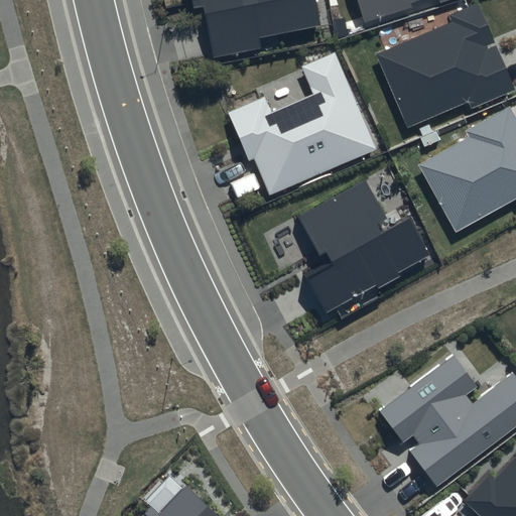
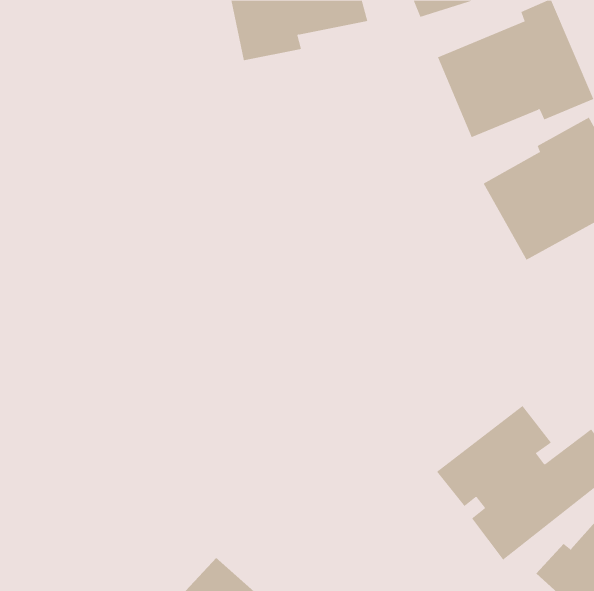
building: [229,52,375,192] -> none
building: [297,180,430,313] -> none

